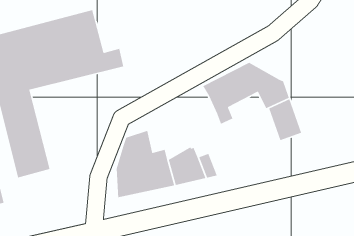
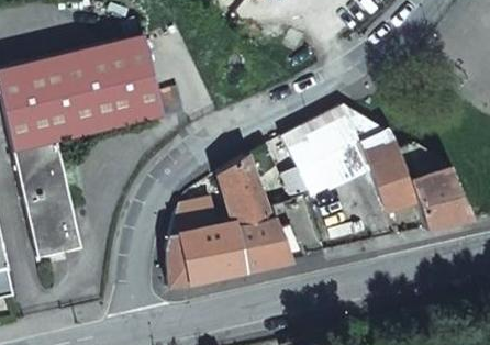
building: none -> [398,142,471,229]
building: none -> [318,145,367,186]
building: none -> [219,156,267,234]

